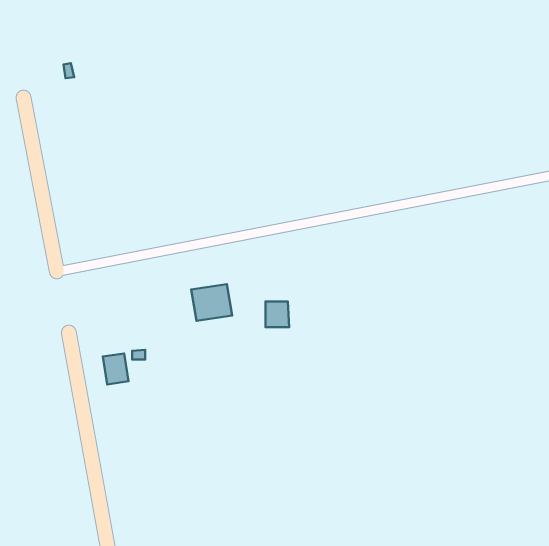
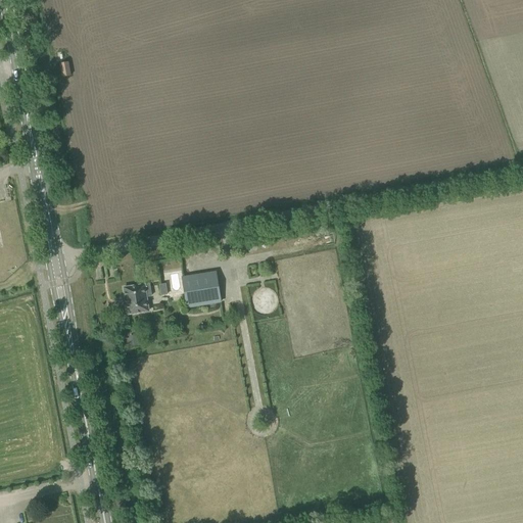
building: [103,353,128,385] -> [124,283,148,313]

